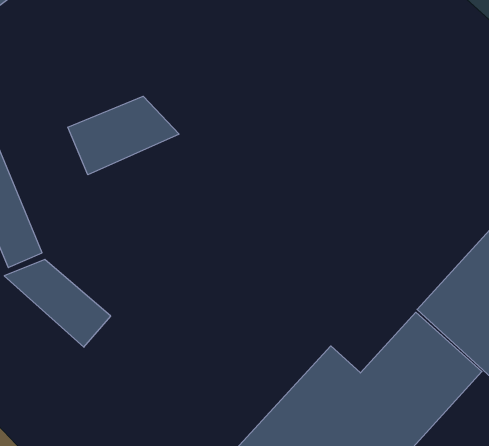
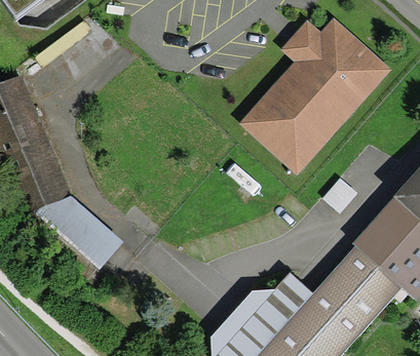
building: none -> [247,26,385,167]
building: [68,96,179,175] -> none

